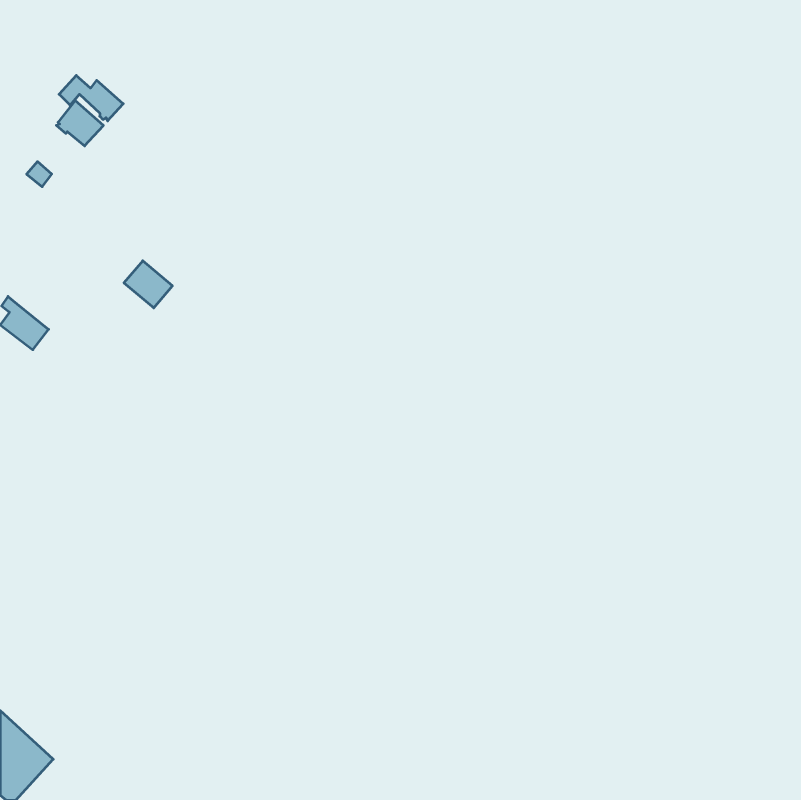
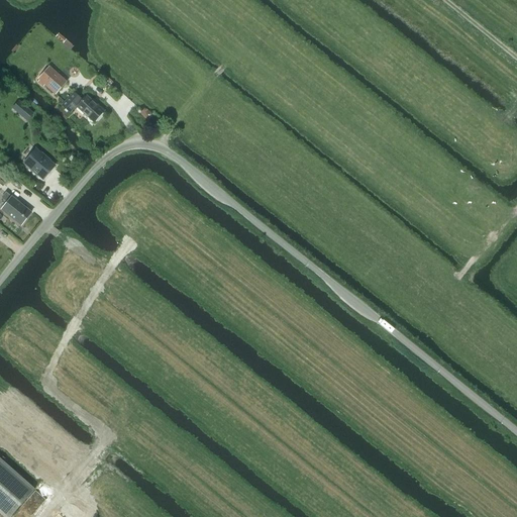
building: [59,75,123,121] -> [62,93,103,122]
building: [124,261,172,308] -> [23,148,55,179]

